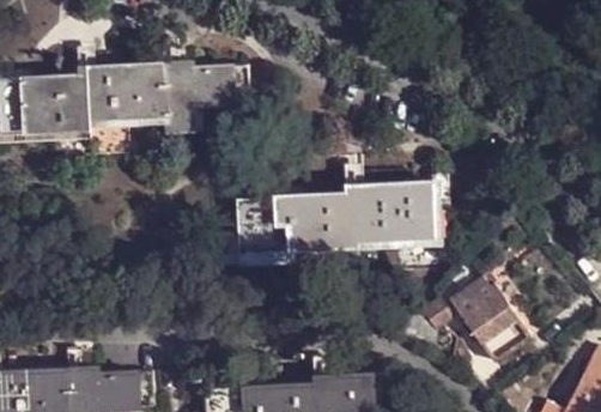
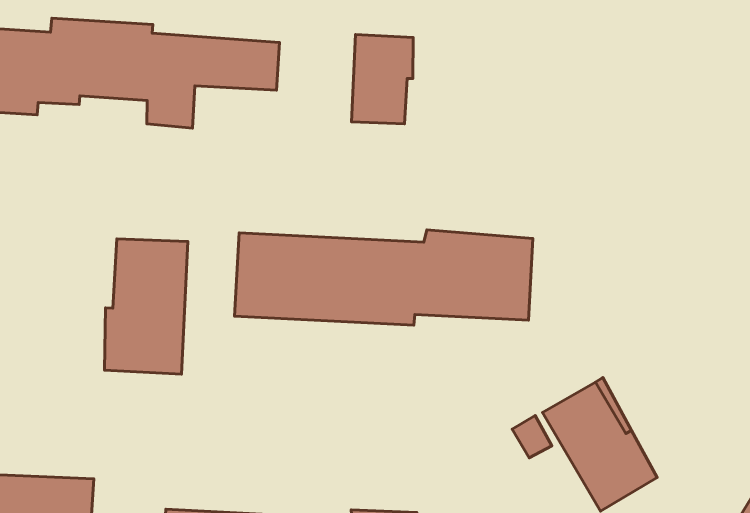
building: none -> [351,35,413,124]
building: none -> [105,239,188,374]

